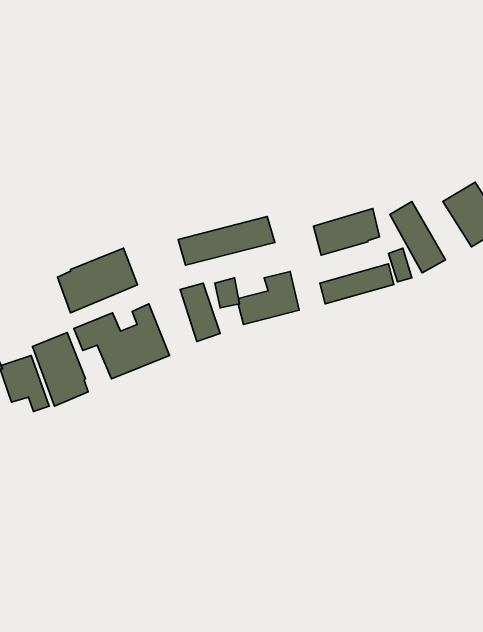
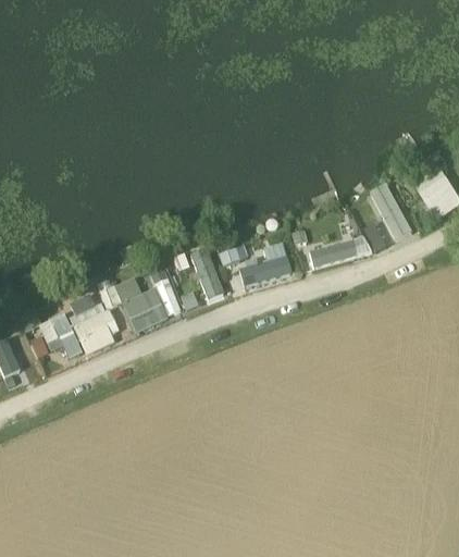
building: [313,209,380,255] -> none
building: [178,217,275,265] -> none
building: [58,248,137,313] -> none

